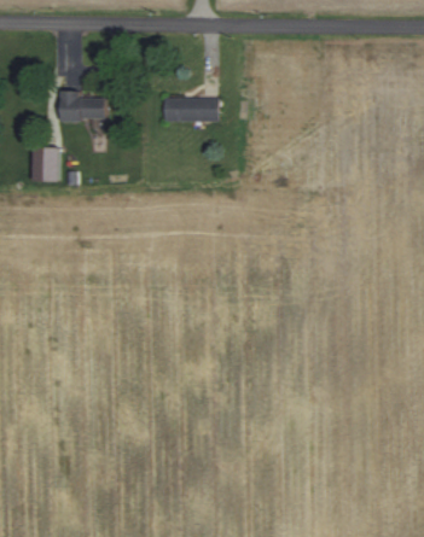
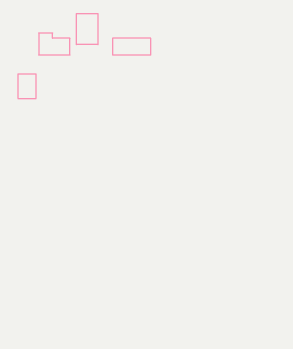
building: none -> [76,14,98,45]

